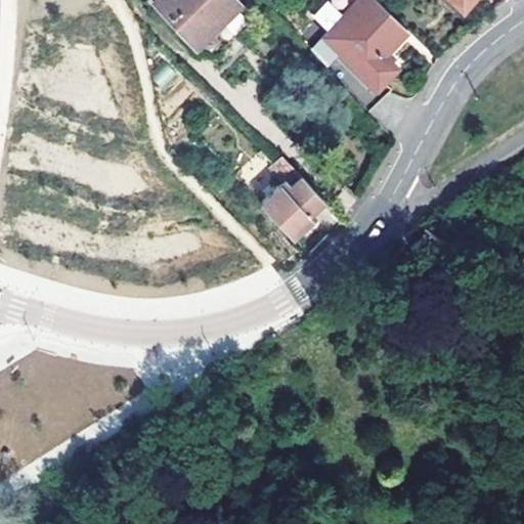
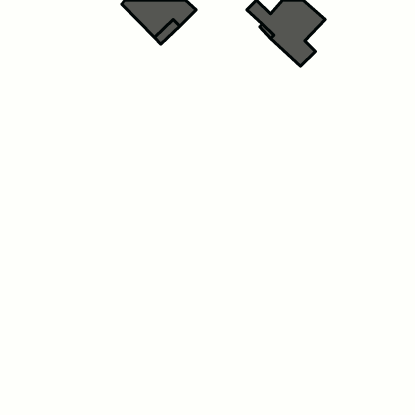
building: [261,176,325,233] -> none

